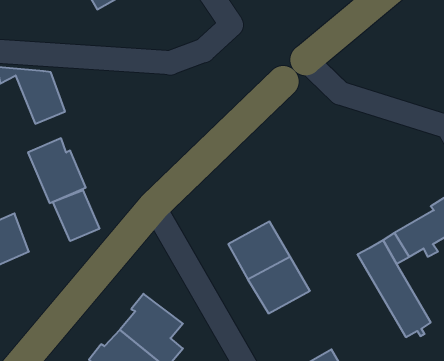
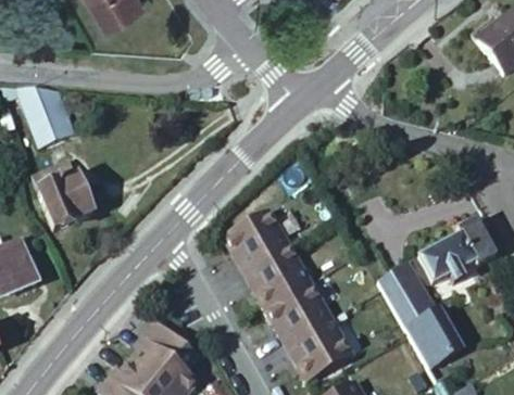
building: none -> [223,212,288,271]
building: [53,190,99,241] -> none
building: none -> [287,320,351,381]

